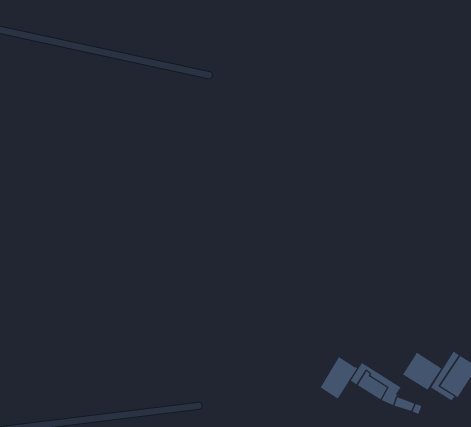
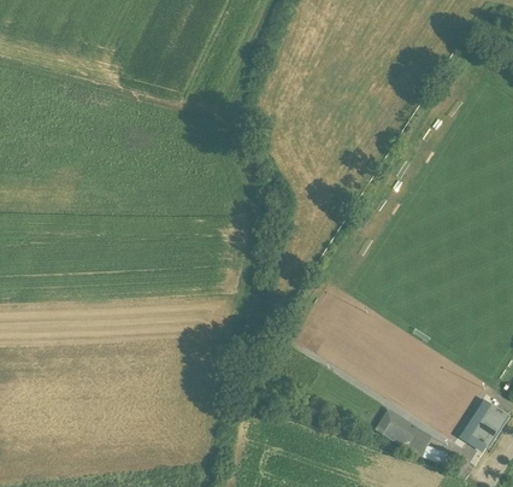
building: [402,352,442,390] -> none
building: [320,356,358,400] -> none

